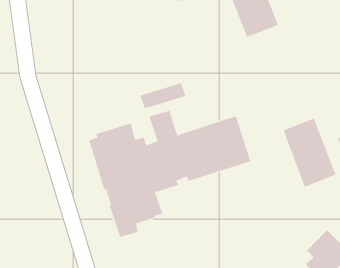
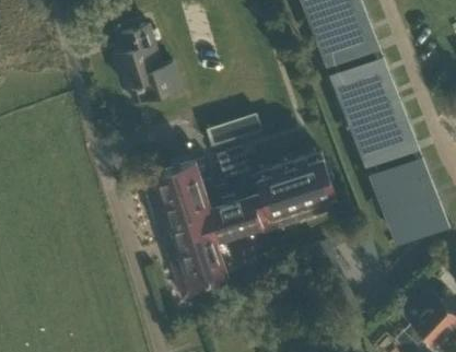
building: none -> [114,25,182,101]
building: none -> [336,46,414,171]

